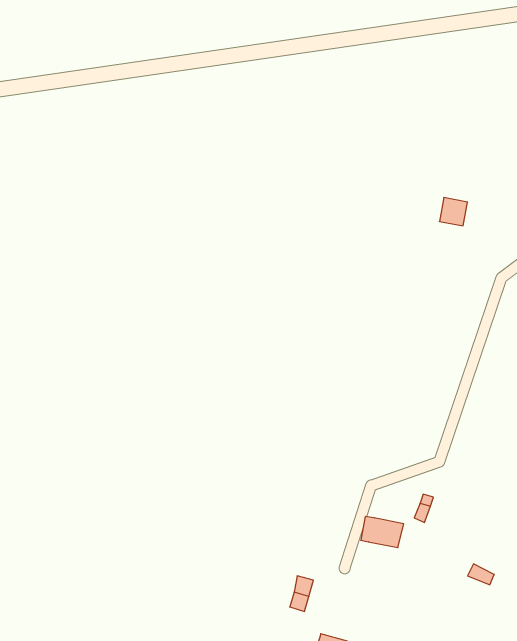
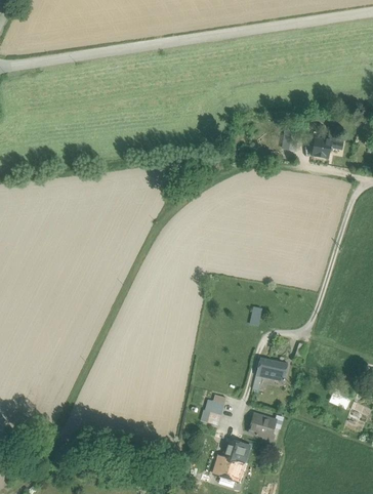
building: none -> [249,414,276,435]

